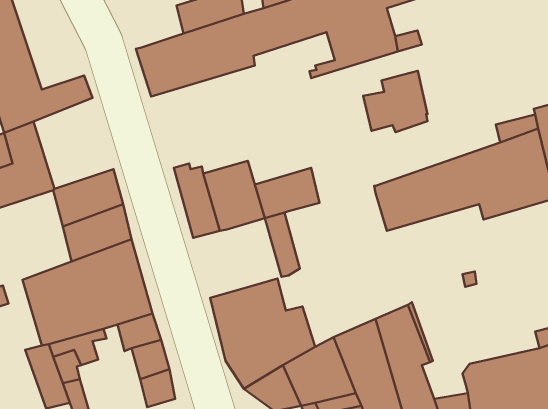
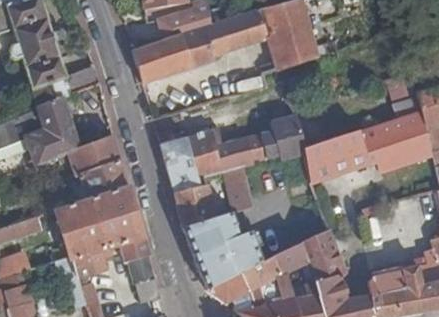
building: [363,71,428,132] -> [258,115,304,159]
building: none -> [174,177,218,226]

